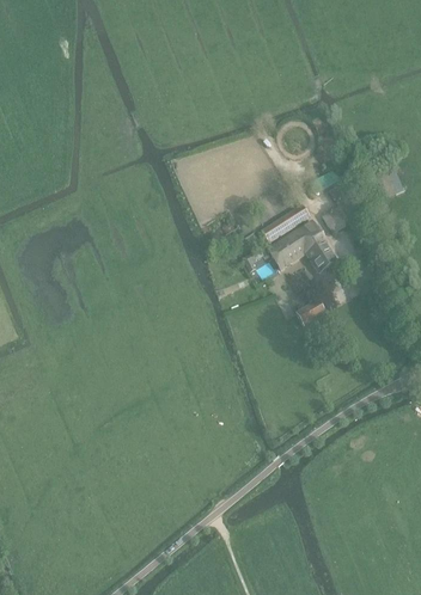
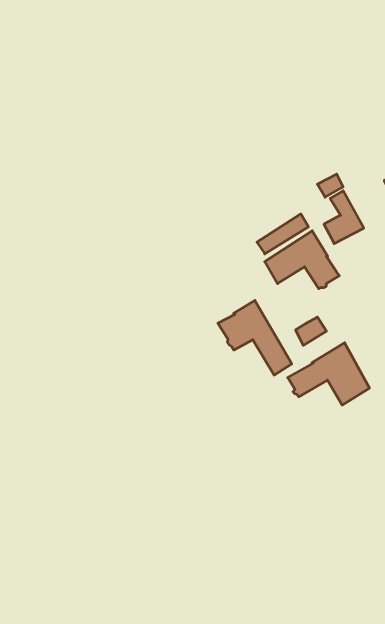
building: none -> [218,300,292,375]
building: none -> [288,343,369,405]

